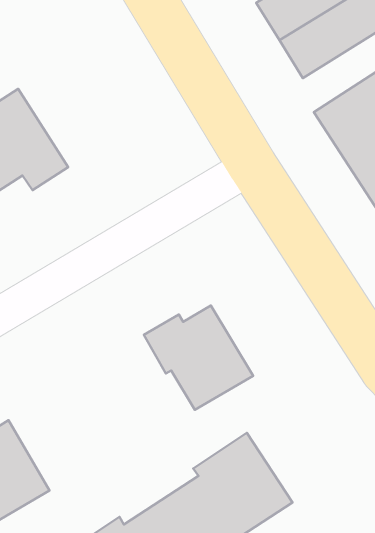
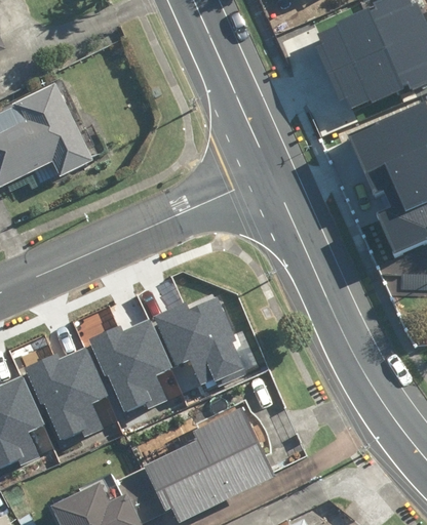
building: none -> [91,321,186,412]
building: none -> [27,349,120,440]

